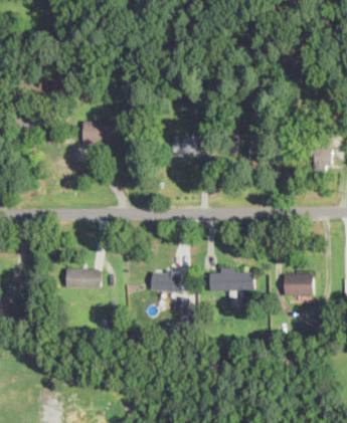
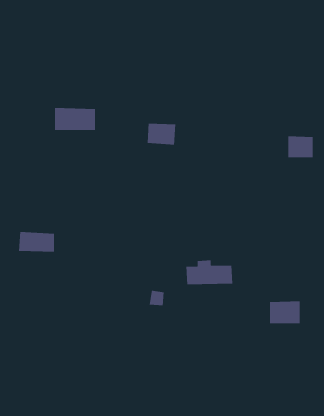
building: [64,268,100,288] -> [18,231,55,252]
building: [149,271,180,293] -> none
building: [284,273,314,295] -> [269,301,300,324]

